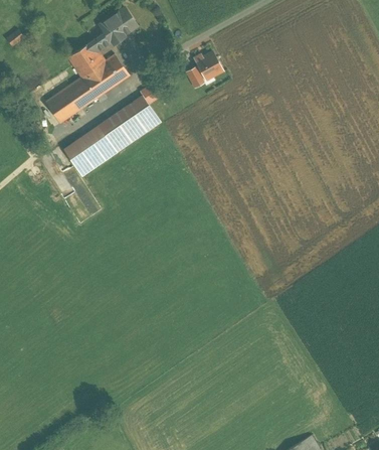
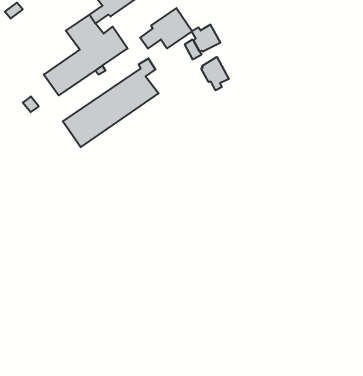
building: none -> [140,8,192,49]
building: none -> [201,57,229,90]

